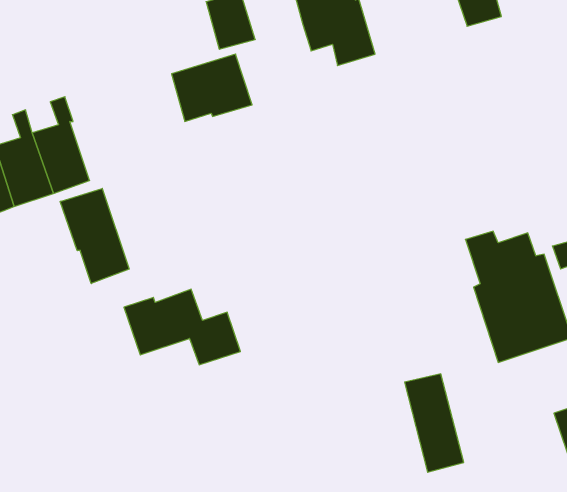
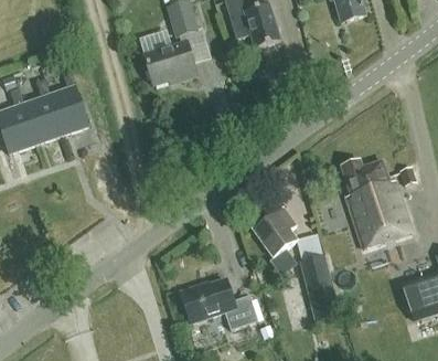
building: [60,188,129,284] -> none
building: [124,289,240,365] -> [180,278,258,329]
building: none -> [253,206,298,274]

